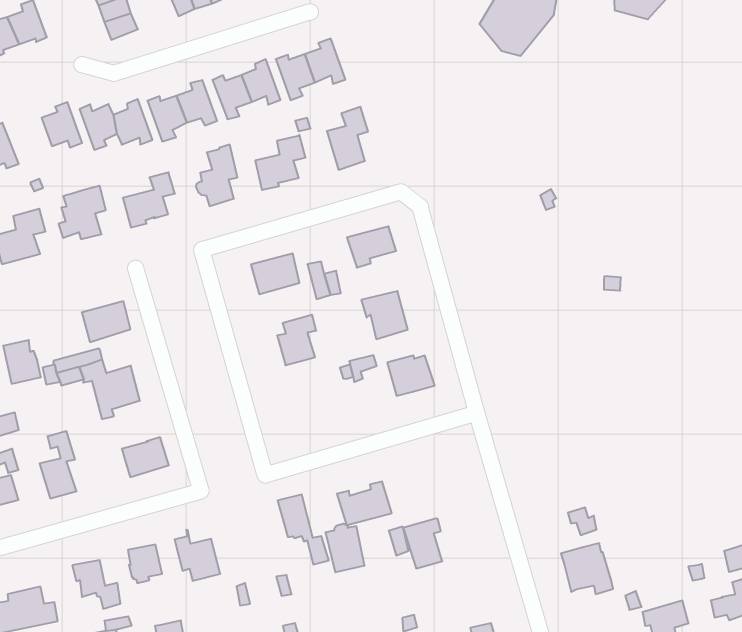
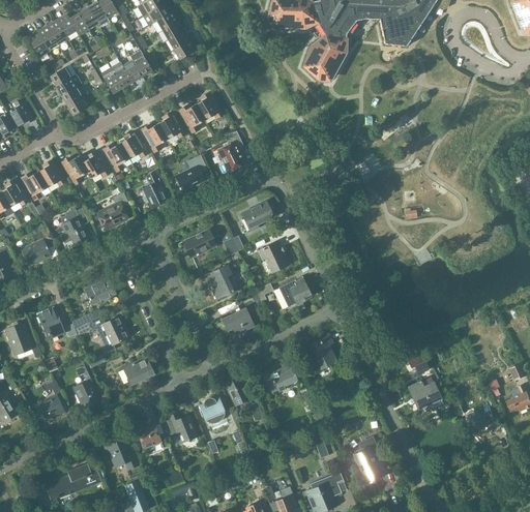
building: none -> [21,171,48,201]
building: none -> [222,307,254,335]
building: [403,519,442,568] -> [310,335,337,368]
building: [325,524,365,572] -> [201,397,229,428]

